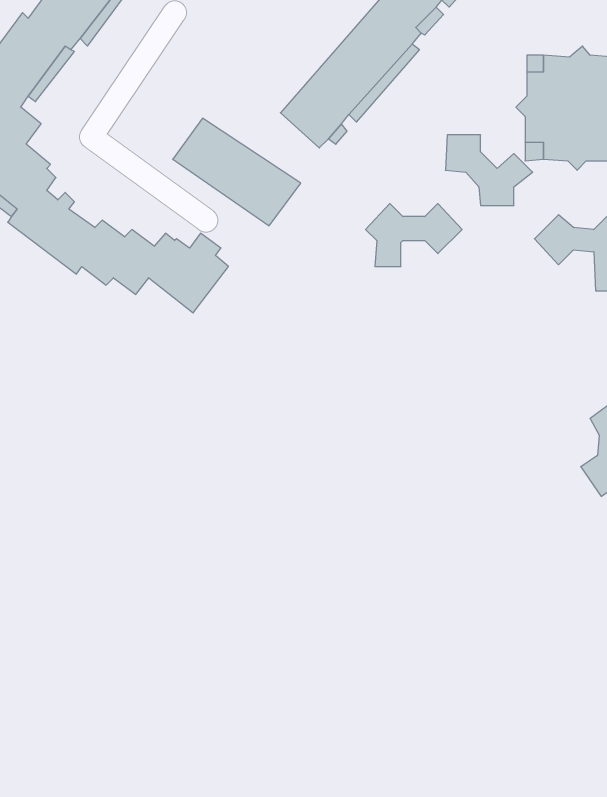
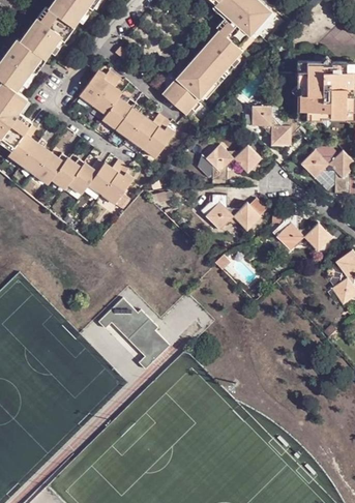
building: none -> [78,68,123,113]
building: none -> [207,194,261,230]
building: none -> [277,214,331,249]
building: none -> [96,297,168,369]

